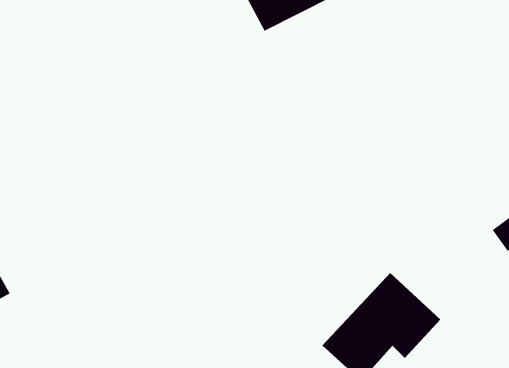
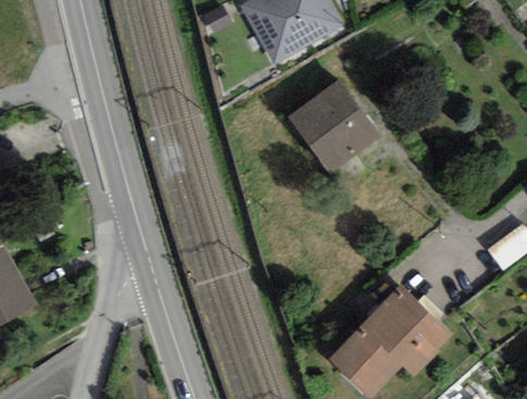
building: none -> [288,82,375,171]

